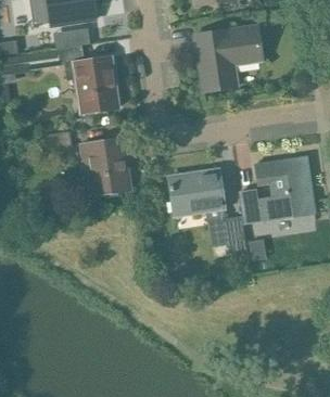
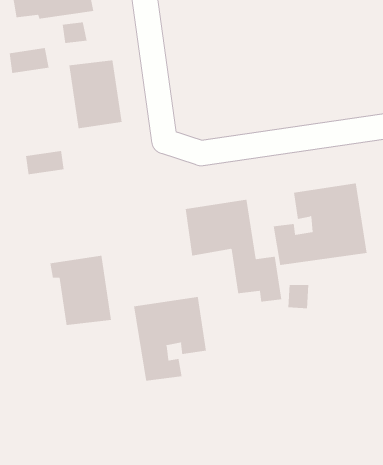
building: [194,26,262,89] -> none
building: [80,138,130,194] -> [50,255,112,326]
building: none -> [134,296,207,381]

